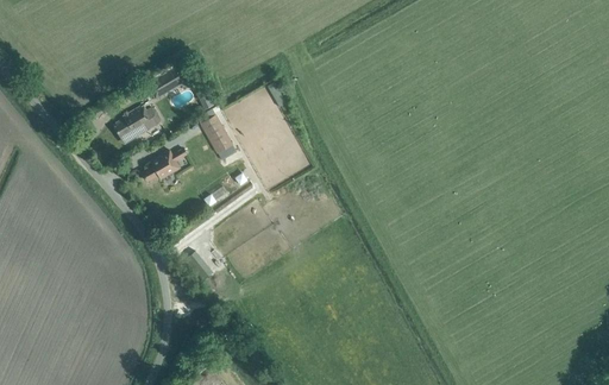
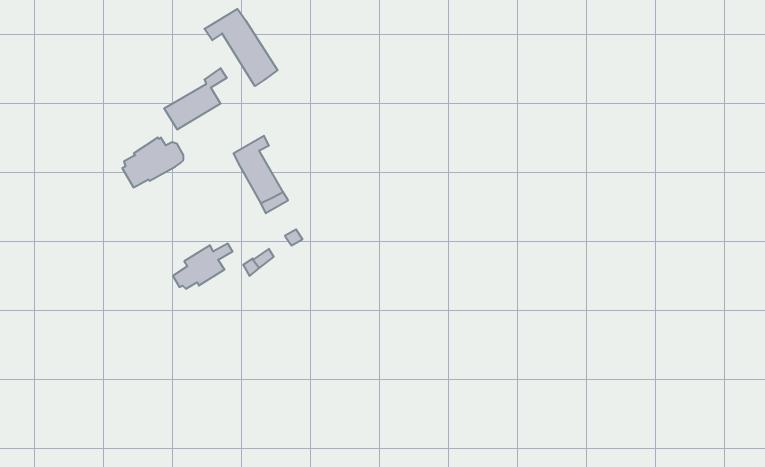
building: none -> [204,9,278,86]
building: [143,149,187,182] -> [173,244,233,289]

